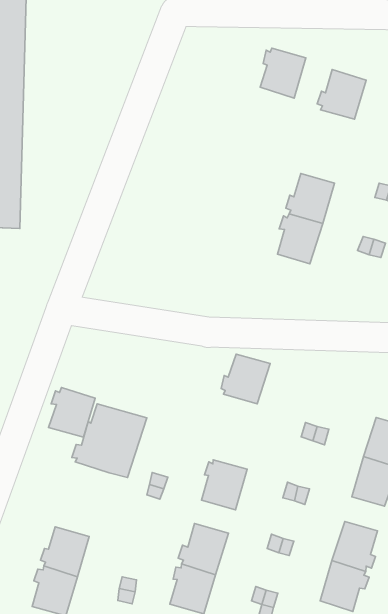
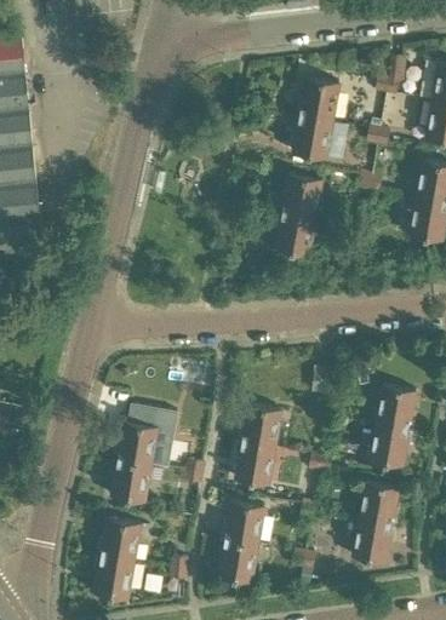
building: [260,48,306,98] -> [295,117,332,160]
building: [221,354,270,404] -> [240,406,281,448]
building: [48,387,95,437] -> [112,460,150,503]

